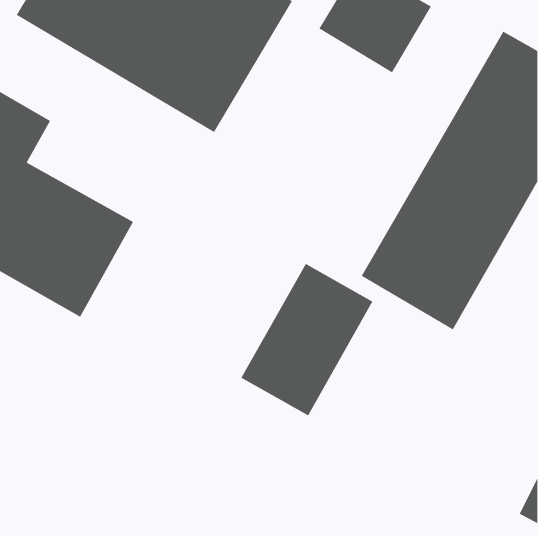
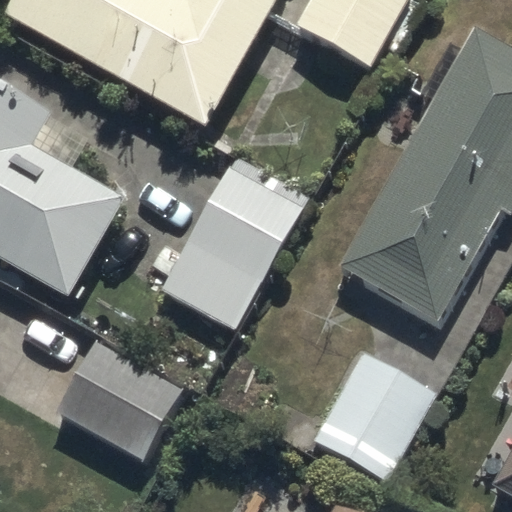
building: [241,263,373,416] -> [172,176,297,320]
building: none -> [64,347,182,462]
building: none -> [316,351,430,475]

